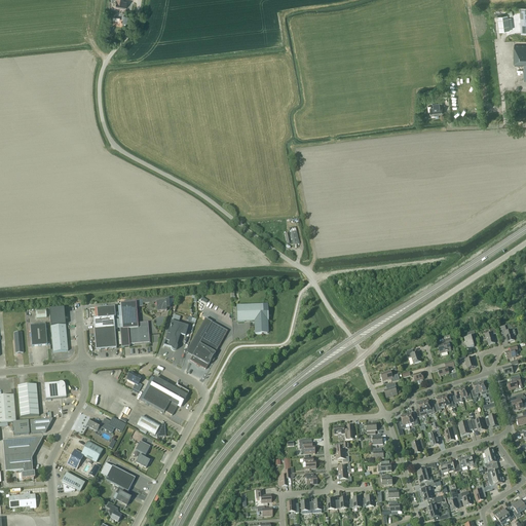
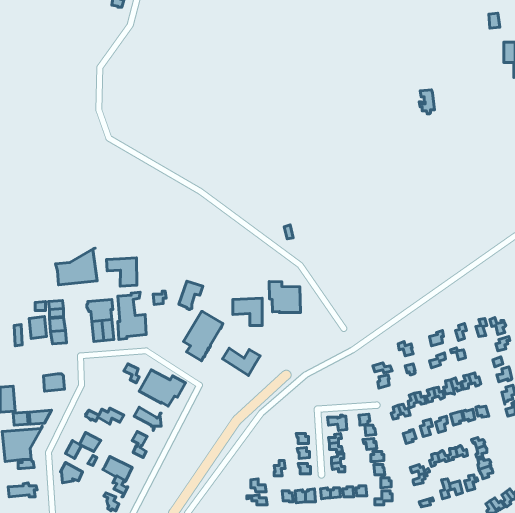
building: none -> [56,248,97,285]
building: none -> [106,258,137,286]
building: none -> [269,282,300,313]
building: [163,321,188,349] -> [179,281,203,309]
building: none -> [223,348,260,375]
building: [17,383,39,416] -> none

